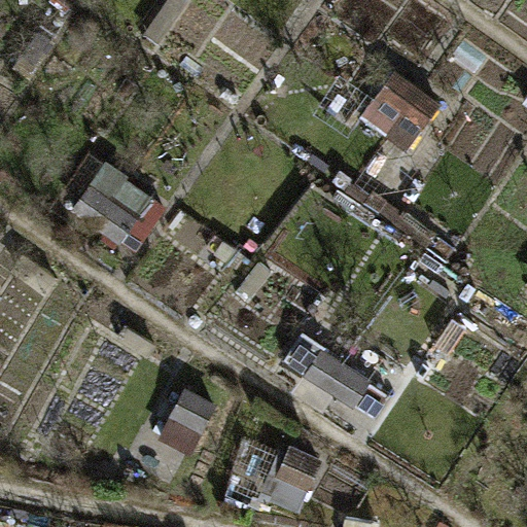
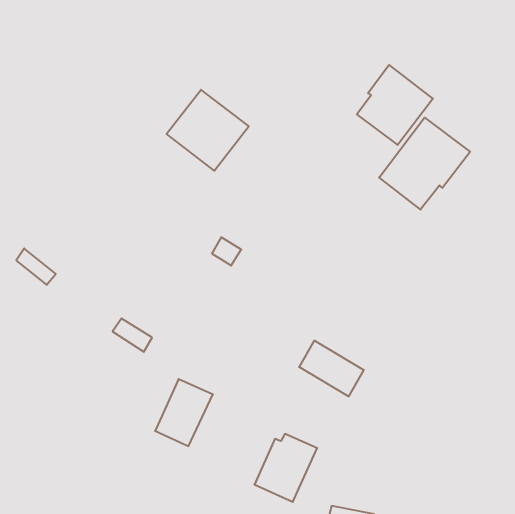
building: none -> [379,118,470,210]
building: [71,162,154,244] -> [167,90,249,171]

